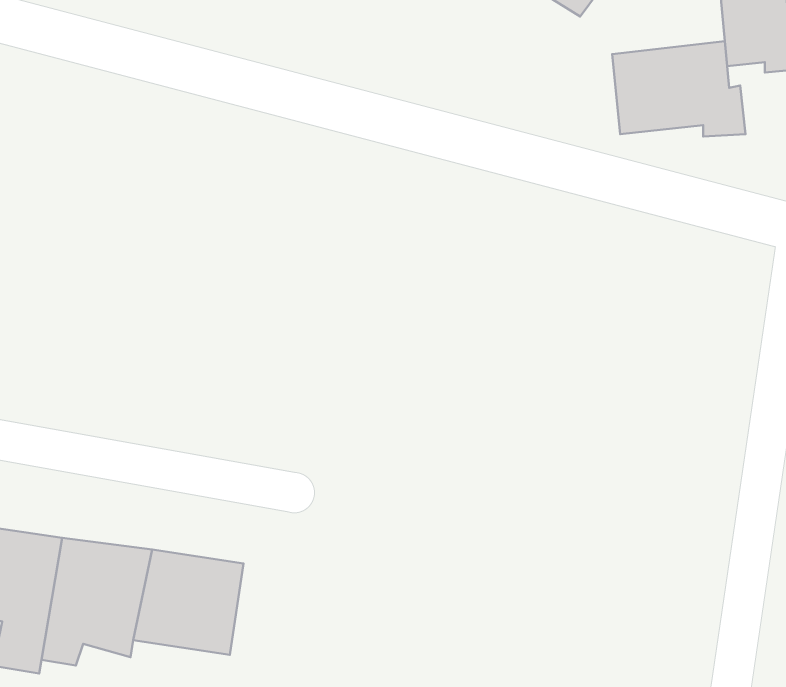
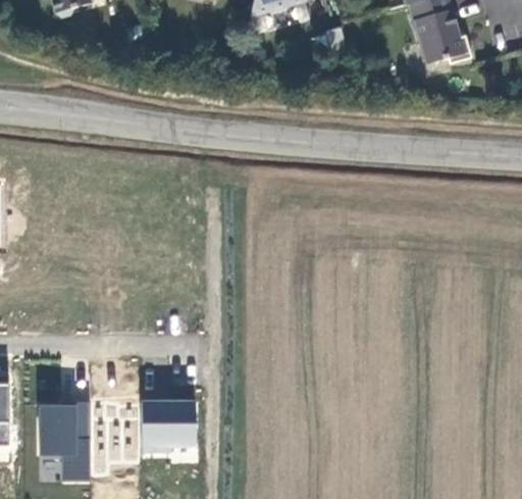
building: [612,41,745,137] -> none

